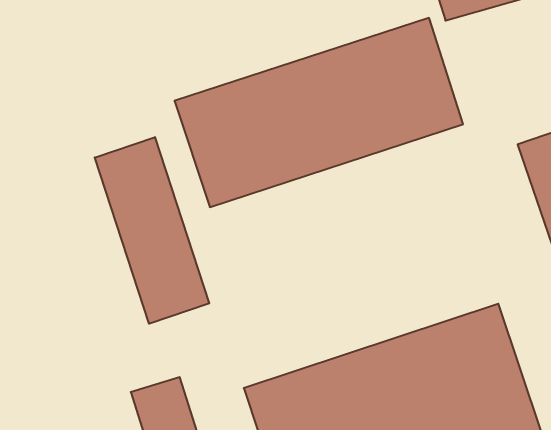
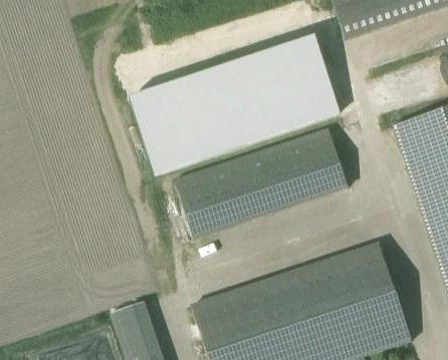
building: [95,137,209,324] -> none
building: none -> [174,128,348,238]

